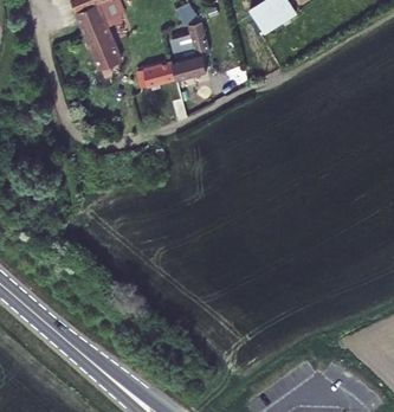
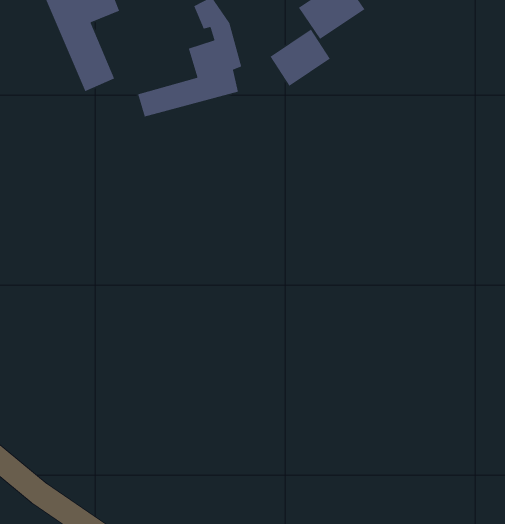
building: none -> [269,29,331,87]

